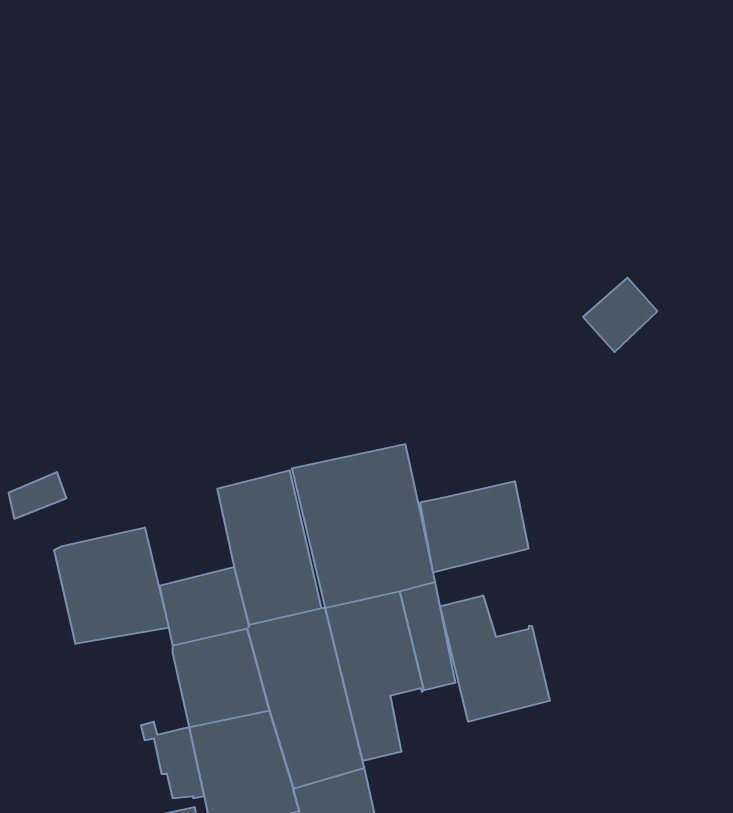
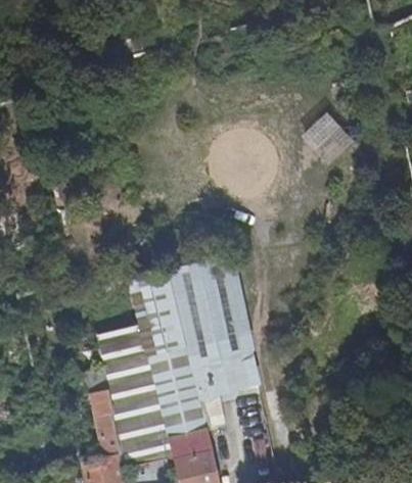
building: [583,278,657,352] -> [307,116,348,157]
building: [420,481,528,573] -> none
building: [54,527,169,644] -> none
building: [440,595,550,722] -> none

